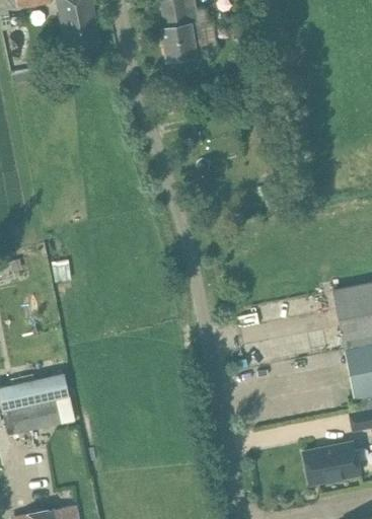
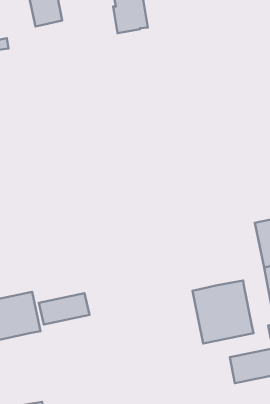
building: none -> [193,280,254,343]
building: none -> [39,293,89,324]

